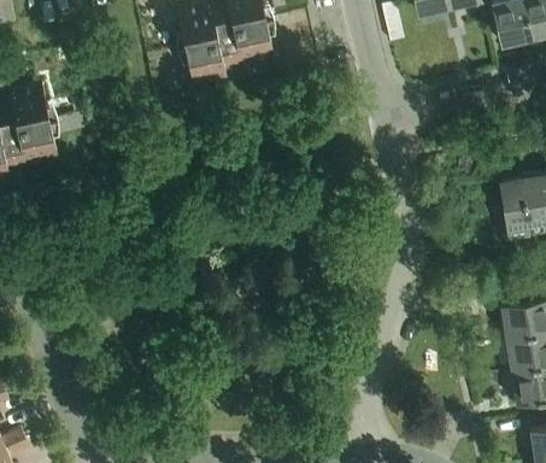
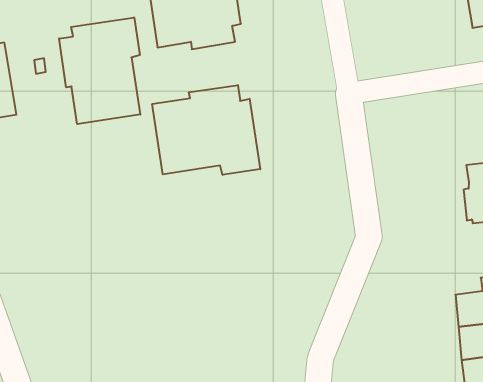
building: none -> [59,17,140,124]
building: none -> [152,85,260,175]

